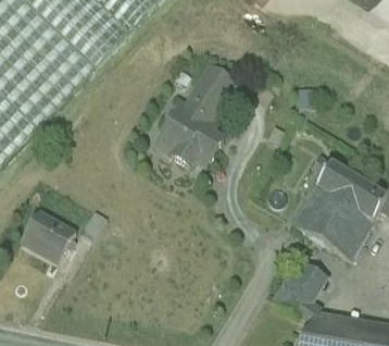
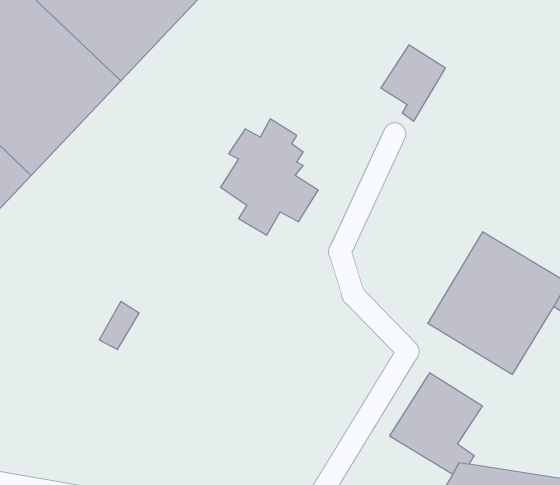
building: [191,62,234,112] -> [381,45,445,121]
building: [21,212,75,263] -> none

